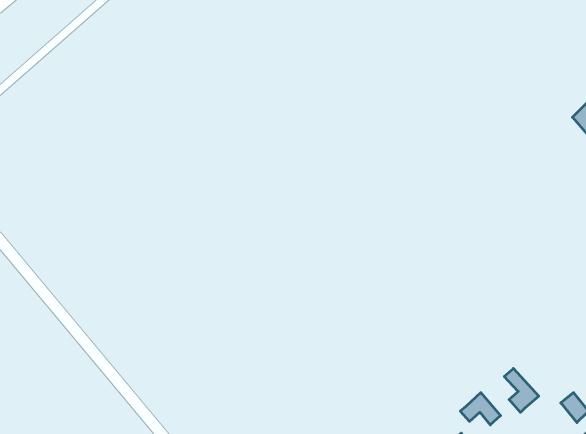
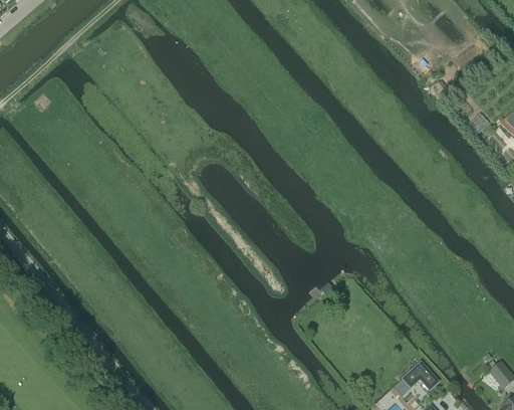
building: [504,368,539,412] -> none

